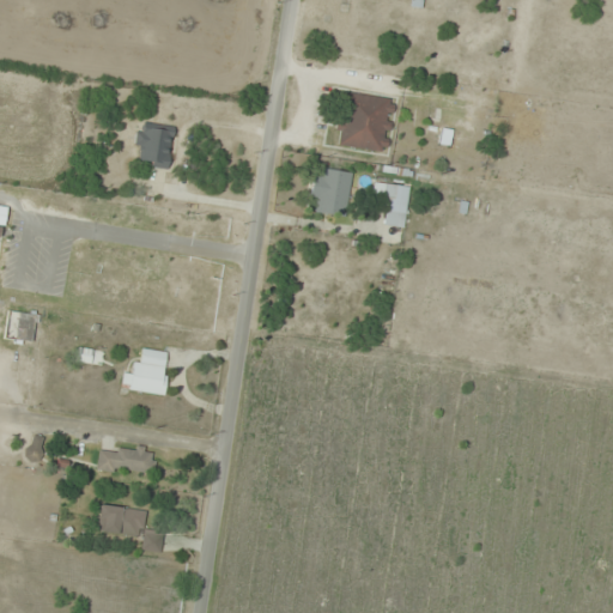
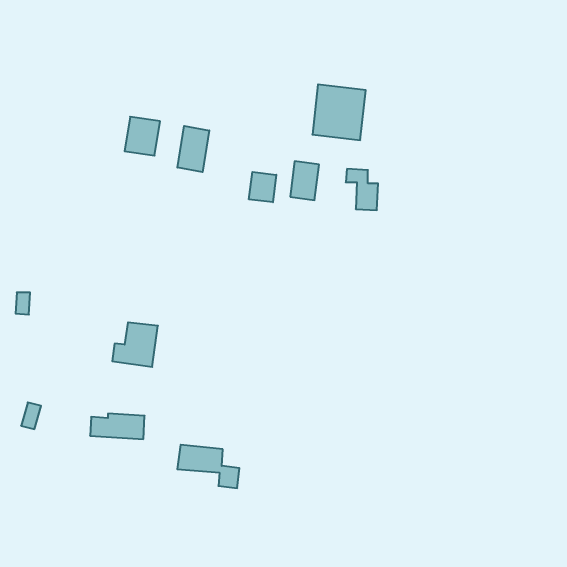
building: none -> [177,126,209,172]
building: none -> [249,172,276,202]
building: [97,504,164,551] -> [177,445,239,488]

